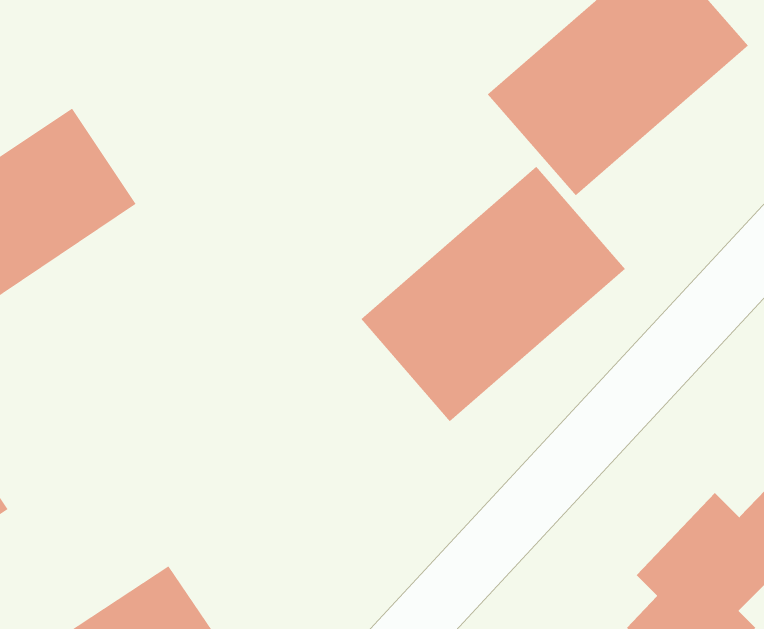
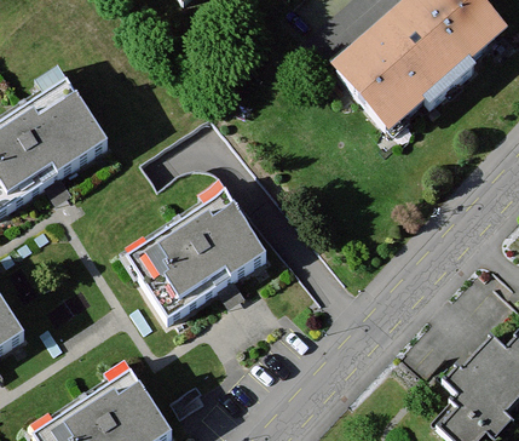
building: [360,166,626,422] -> none
building: none -> [127,191,267,320]

